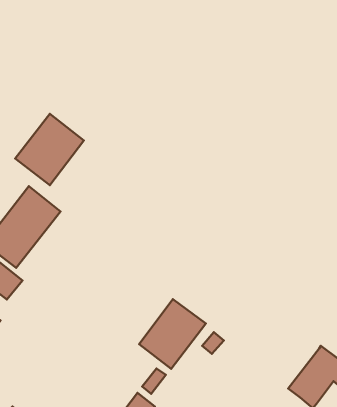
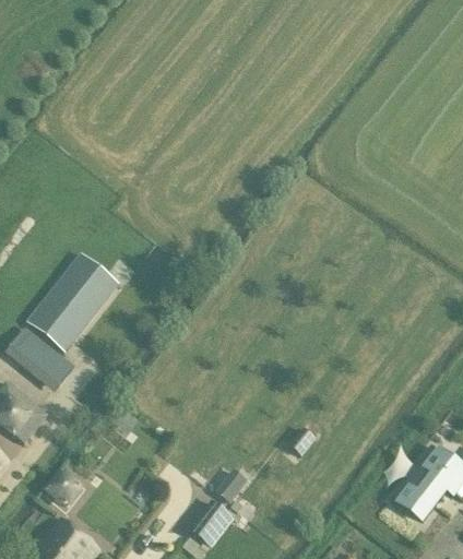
building: [15,114,84,185] -> none
building: [139,299,206,369] -> none

